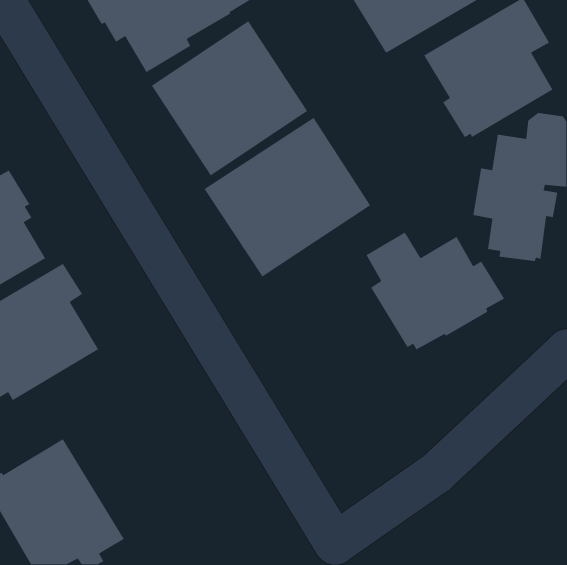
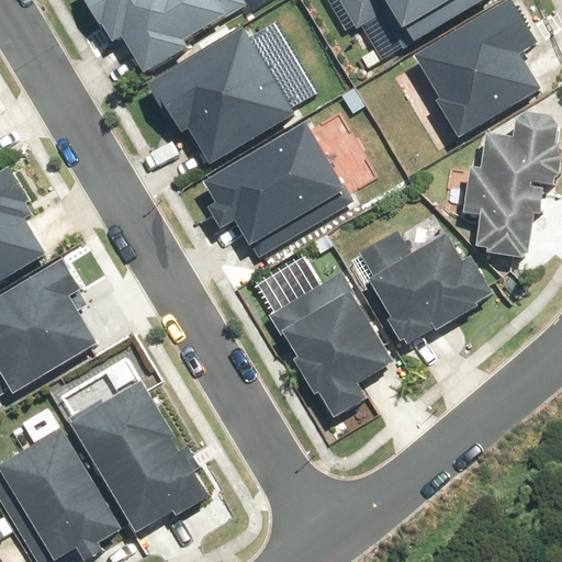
building: none -> [266,269,393,416]
building: none -> [66,380,210,531]

